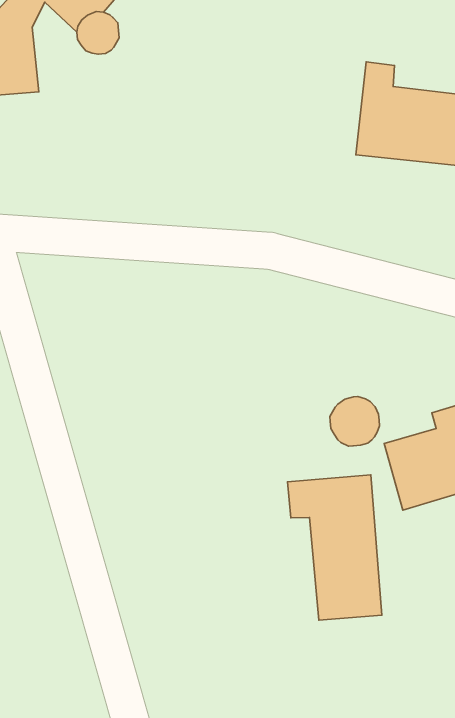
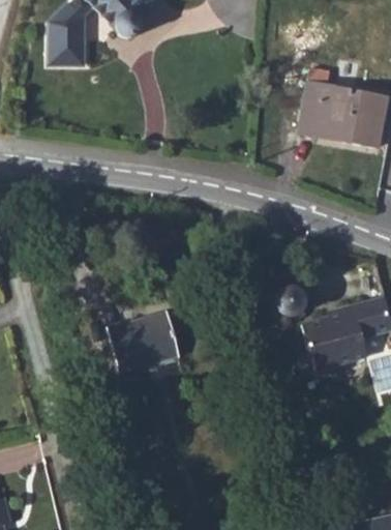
building: none -> [107,321,174,372]
building: [287,475,382,620] -> none

